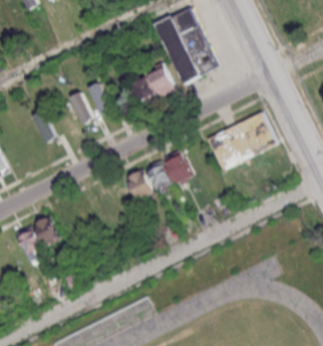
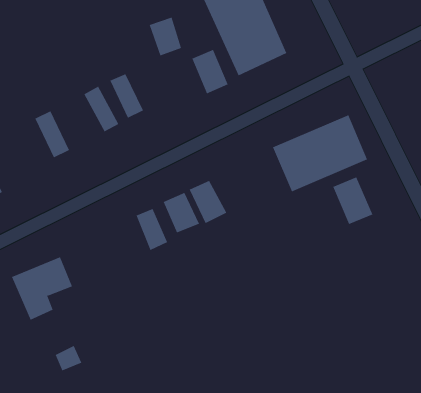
building: [129,76,153,105] -> [149,17,182,56]
building: [162,149,193,185] -> none
building: none -> [332,177,373,225]
building: none -> [136,208,168,251]

